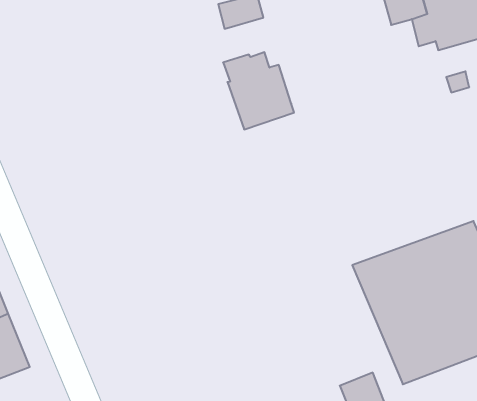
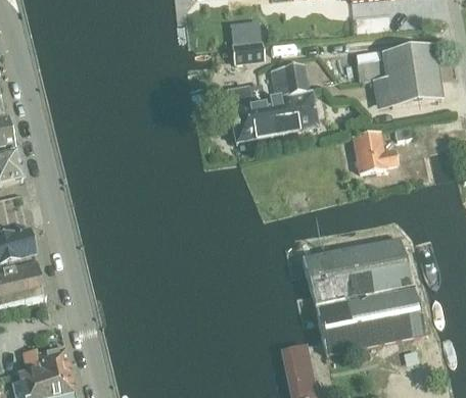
building: none -> [270,62,319,135]
building: none -> [354,132,397,170]

